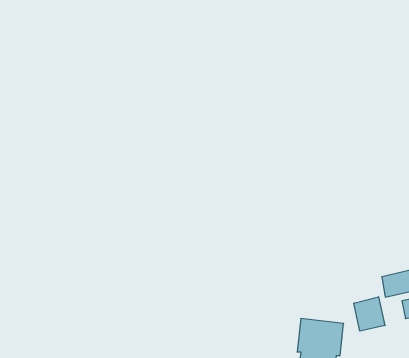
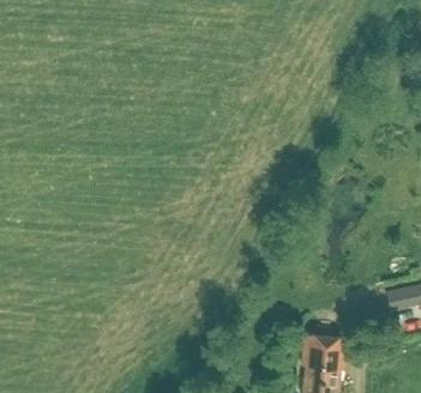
building: [354,297,385,331] -> none

